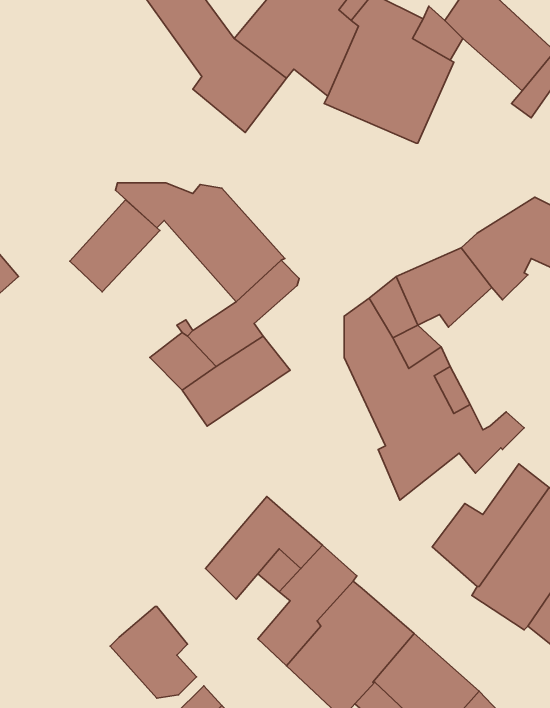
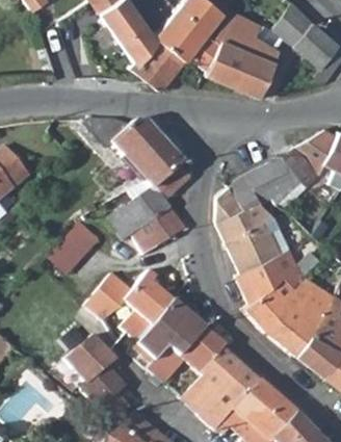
building: [70,200,160,292] -> [50,220,102,274]
building: none -> [85,270,173,343]
building: none -> [246,274,318,331]
building: none -> [67,336,114,383]

